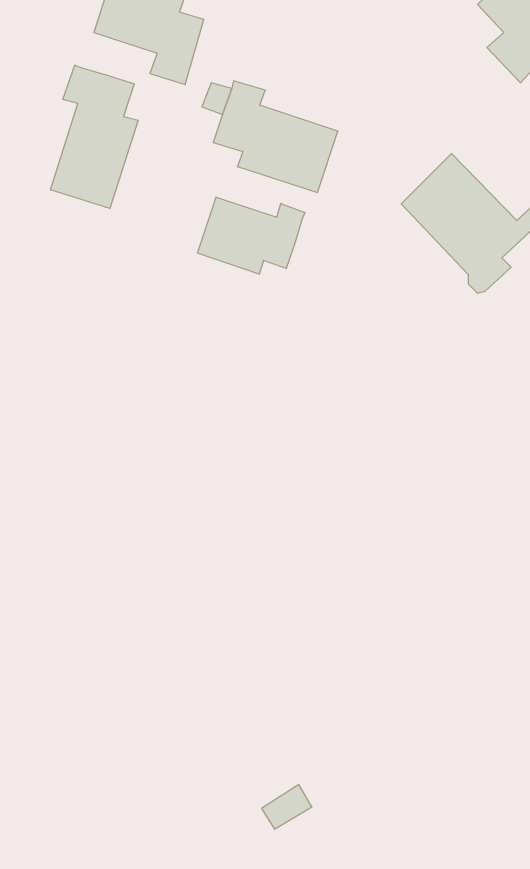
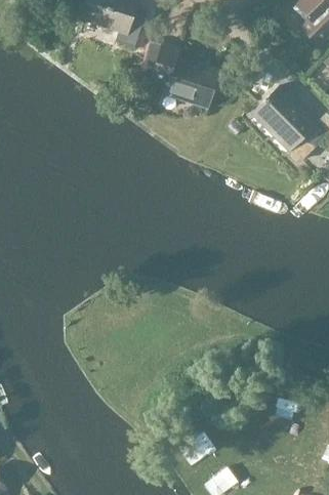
building: [50,65,138,209] -> none
building: [197,197,305,274] -> none

